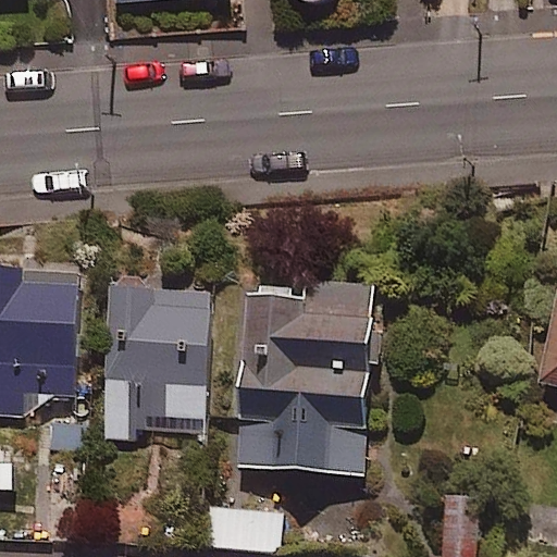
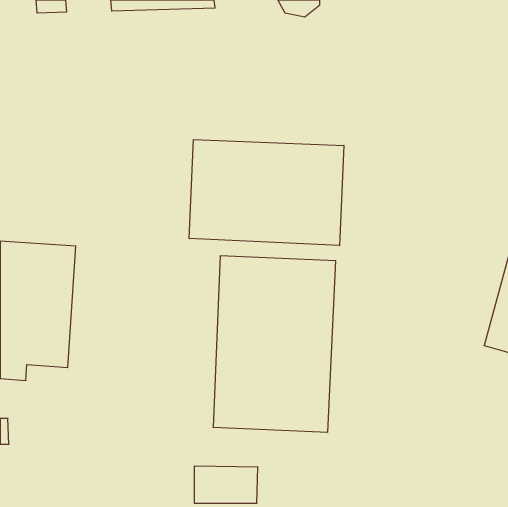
building: none -> [189,140,344,246]
building: [103,280,214,441] -> none

